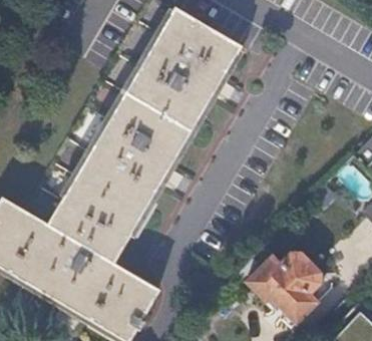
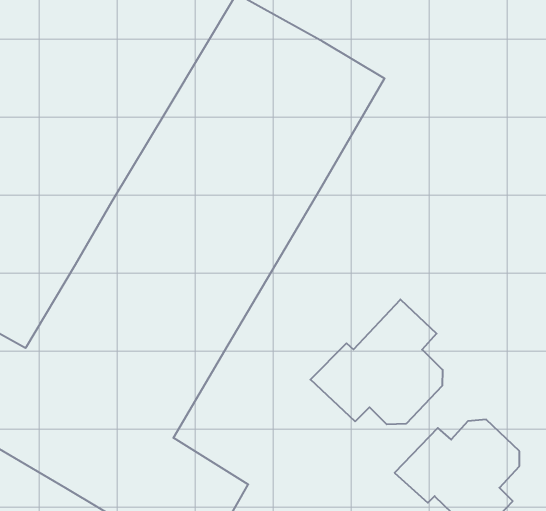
building: none -> [310,299,443,424]

